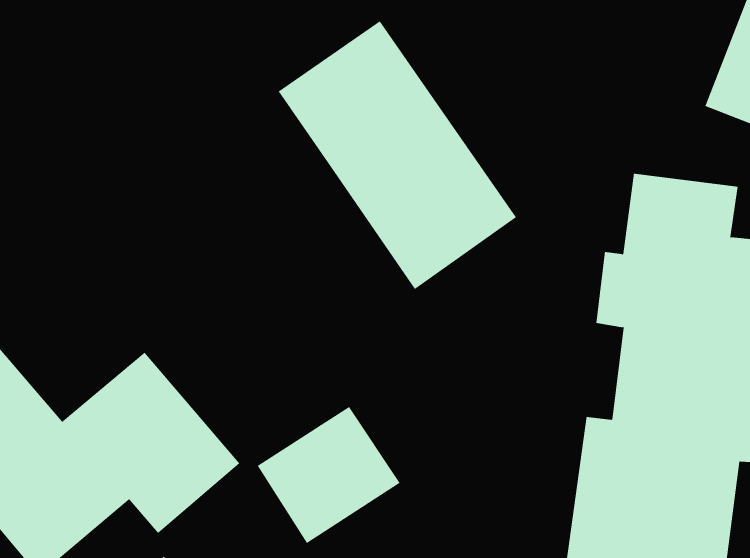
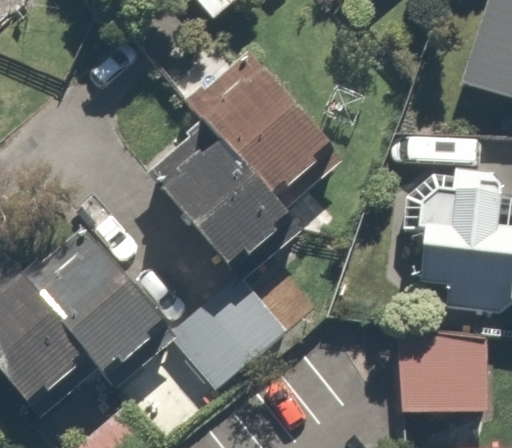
building: none -> [167,145,307,296]

